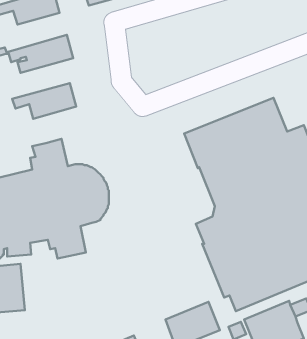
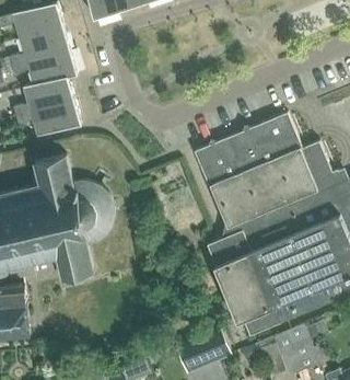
building: none -> [10,23,72,64]
building: none -> [13,70,79,113]

